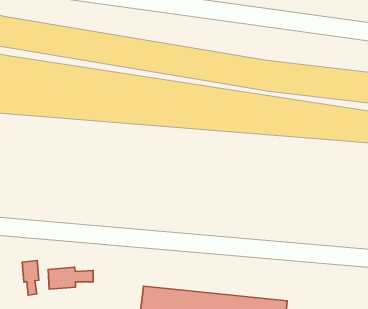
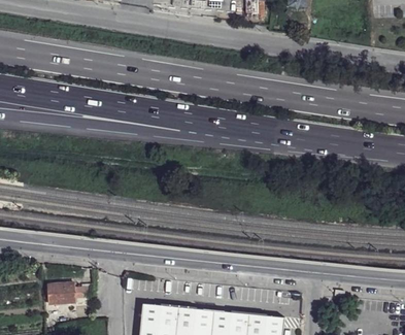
building: [22,260,39,295] -> none

